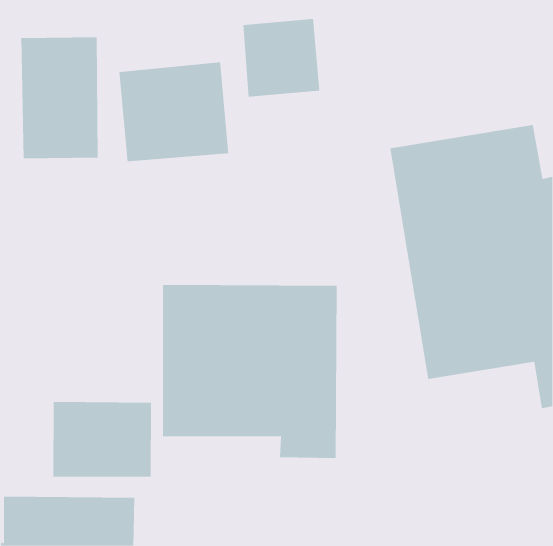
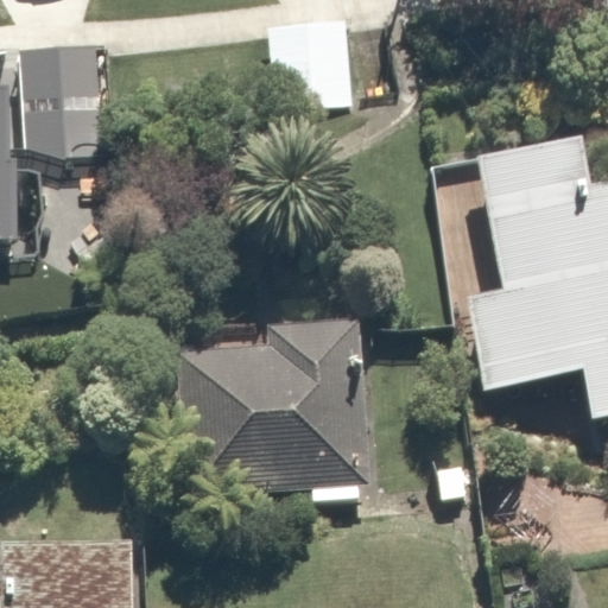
building: [119,62,229,162] -> none
building: [53,401,152,478] -> none

